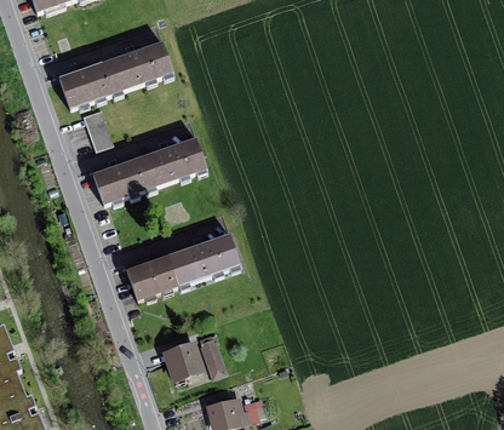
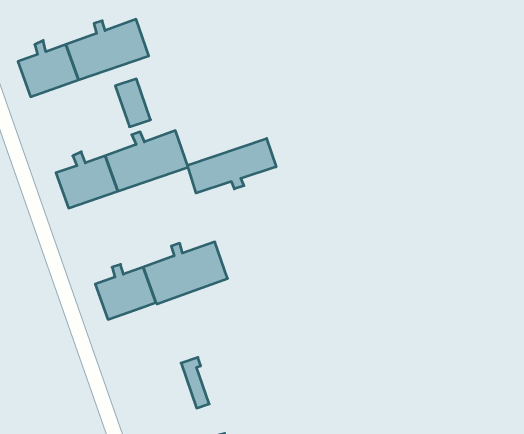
building: [81,109,111,150] -> [115,79,151,127]
building: none -> [188,138,276,193]
building: [164,343,201,384] -> none

